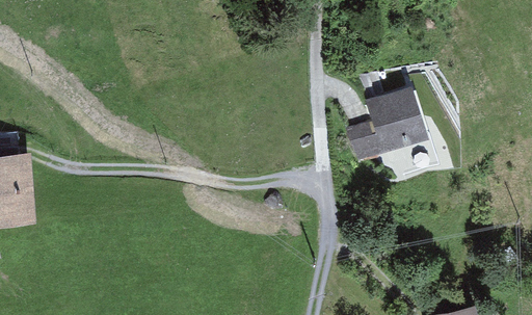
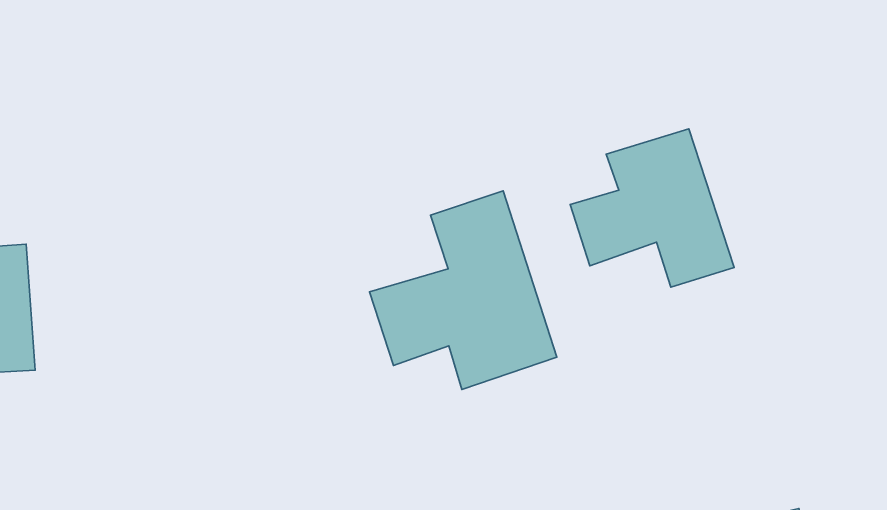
building: none -> [370,191,557,390]

